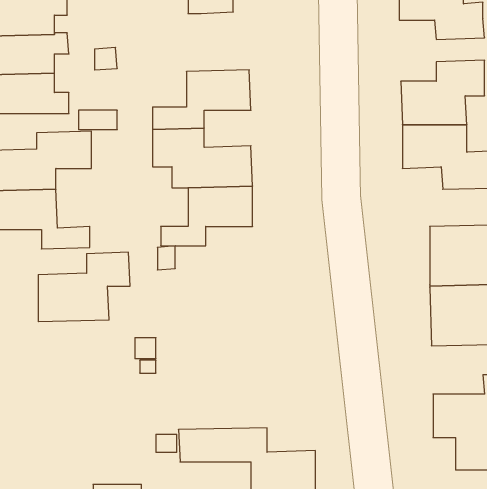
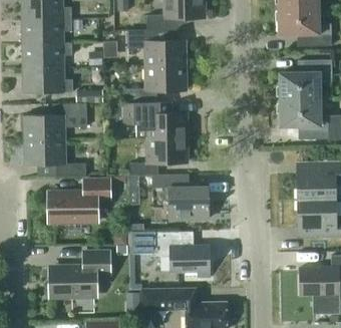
building: none -> [126,30,185,66]
building: none -> [152,175,208,220]
building: none -> [131,232,209,277]
building: none -> [54,252,109,296]

